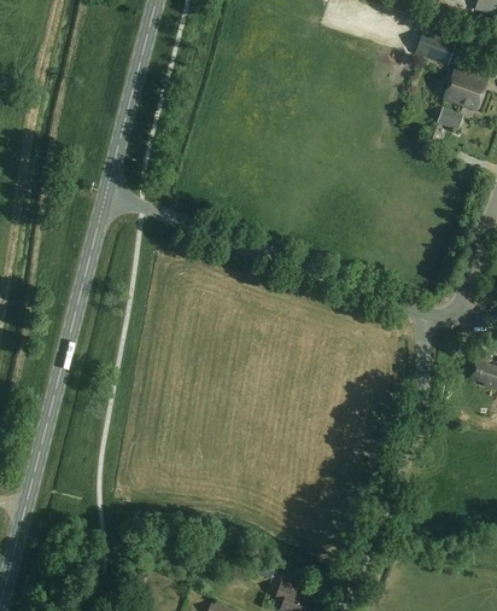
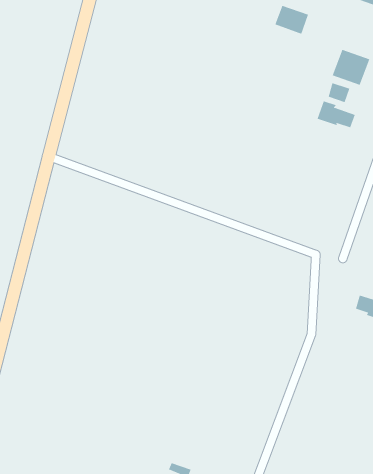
building: [415,31,456,66] -> [275,5,309,35]
building: none -> [317,100,356,128]

